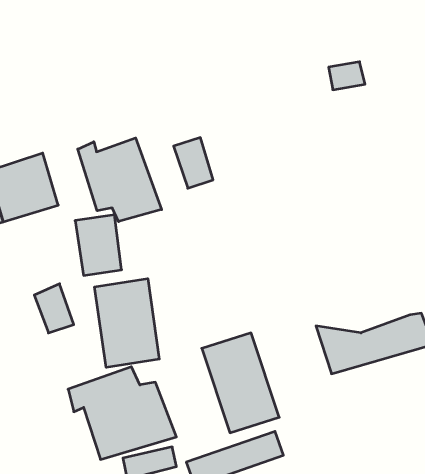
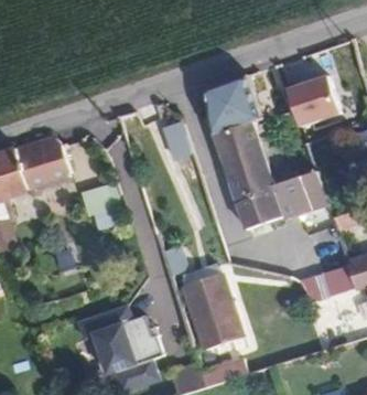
building: none -> [204,78,324,233]
building: none -> [287,78,342,132]
building: [78,138,162,222] -> none
building: [95,279,159,367] -> none

